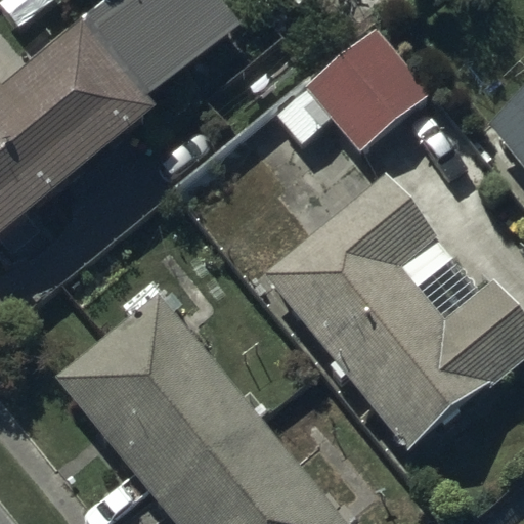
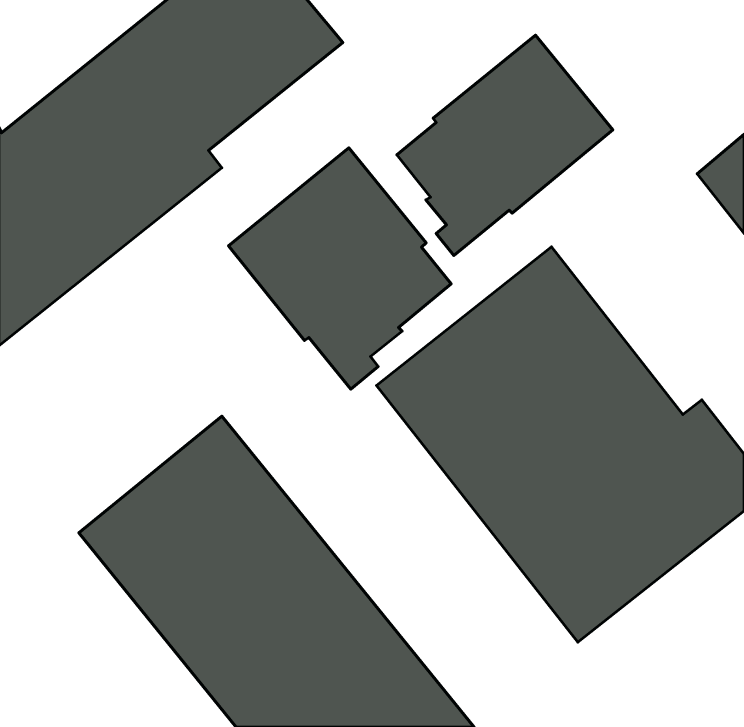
building: none -> [229,148,451,389]

